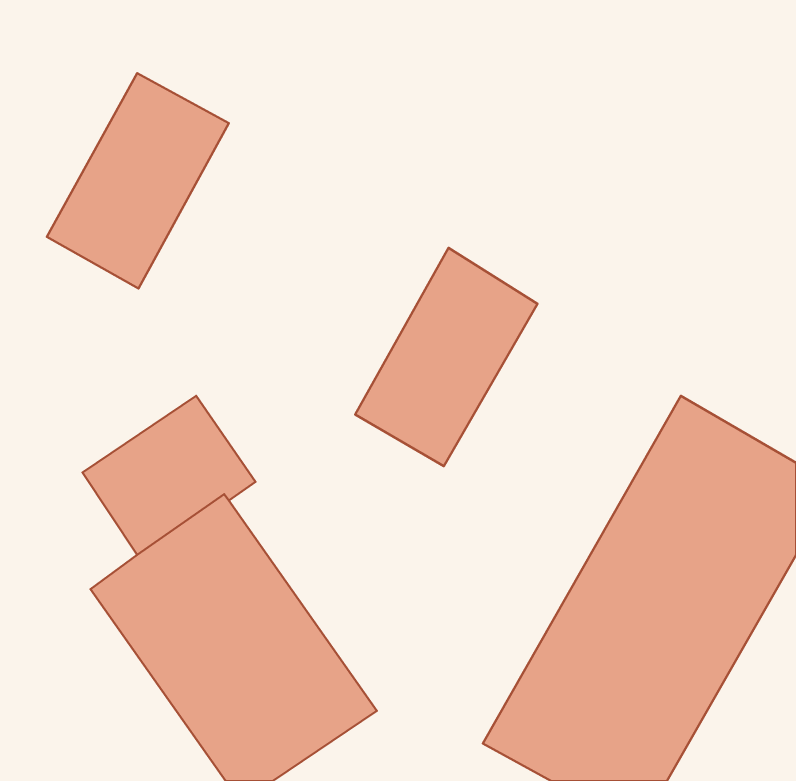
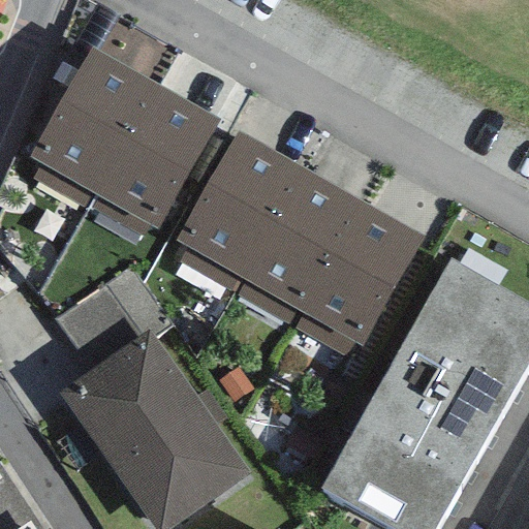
building: none -> [92,82,220,230]
building: none -> [175,130,298,275]
building: none -> [294,201,424,347]

